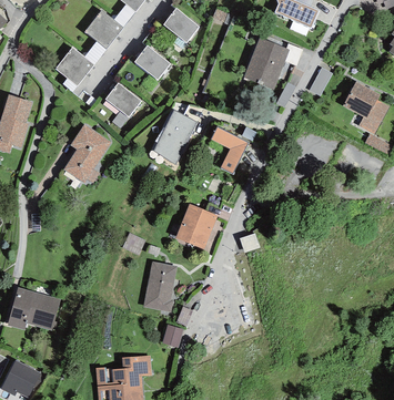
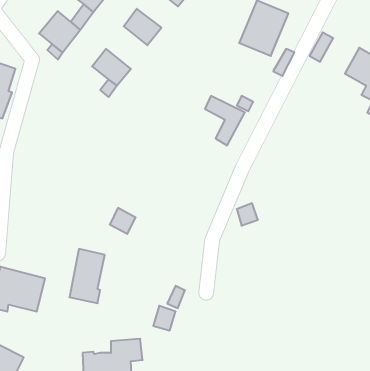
building: [154,110,196,164] -> none
building: [62,124,112,183] -> none
building: [175,203,218,249] -> none
building: [143,260,176,311] -> [69,249,105,303]

